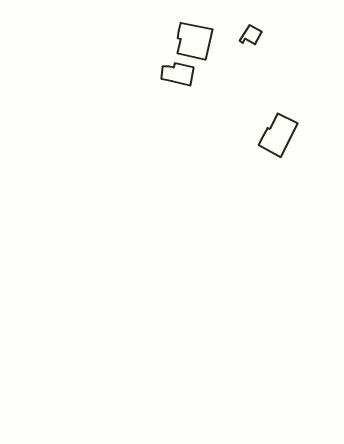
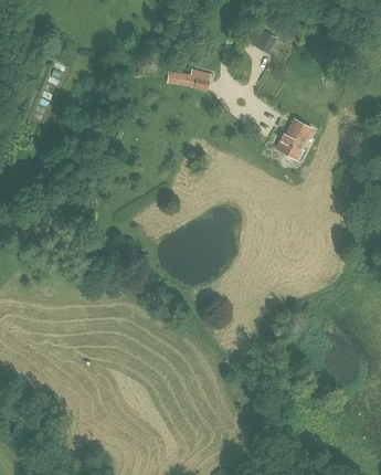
building: [178,23,213,60] -> none

